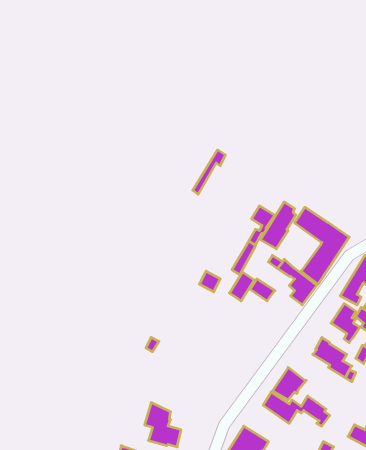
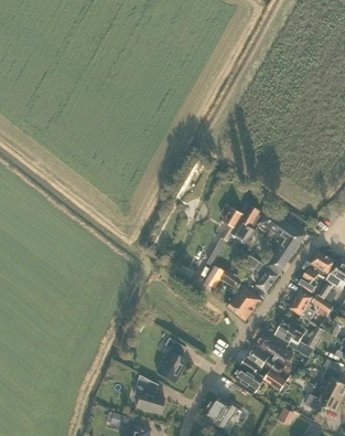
building: none -> [227,286,260,320]
building: none -> [254,333,292,375]
building: none -> [155,338,186,383]

